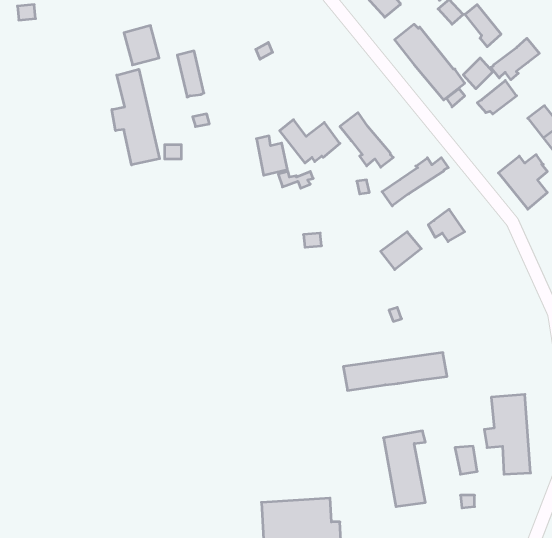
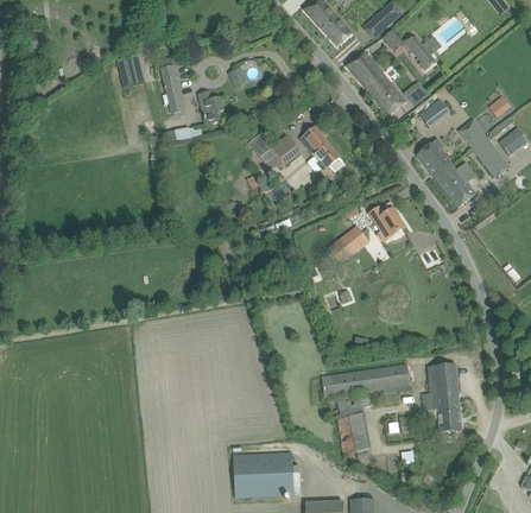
building: [491,38,539,80] -> none
building: [112,69,160,165] -> none
building: none -> [417,139,451,177]
building: [256,136,287,175] -> [200,91,226,125]
building: [382,158,448,206] -> none
building: [343,353,447,390] -> [322,365,410,397]

